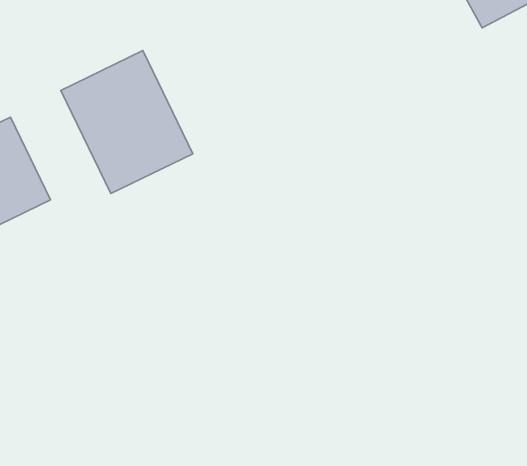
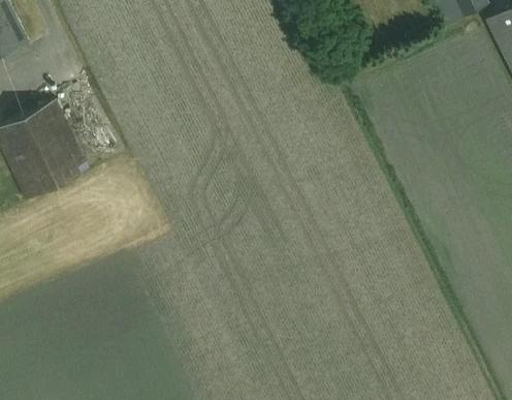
building: [61,51,193,194] -> none

